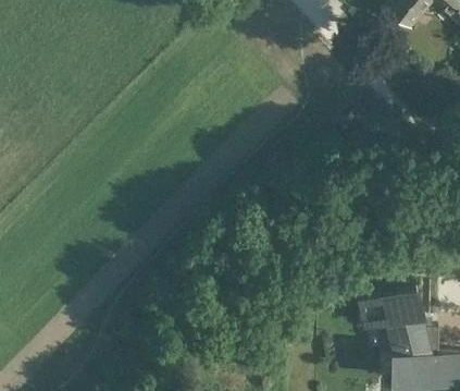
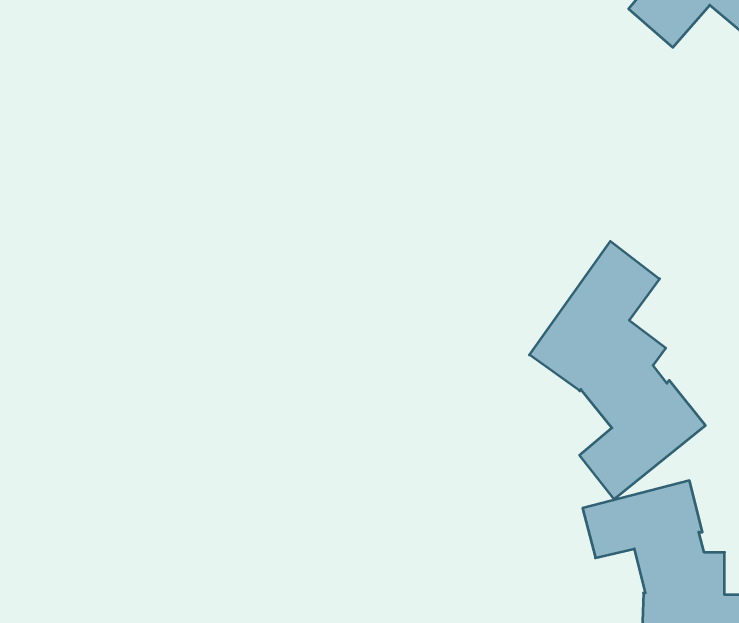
building: none -> [529,241,705,499]

